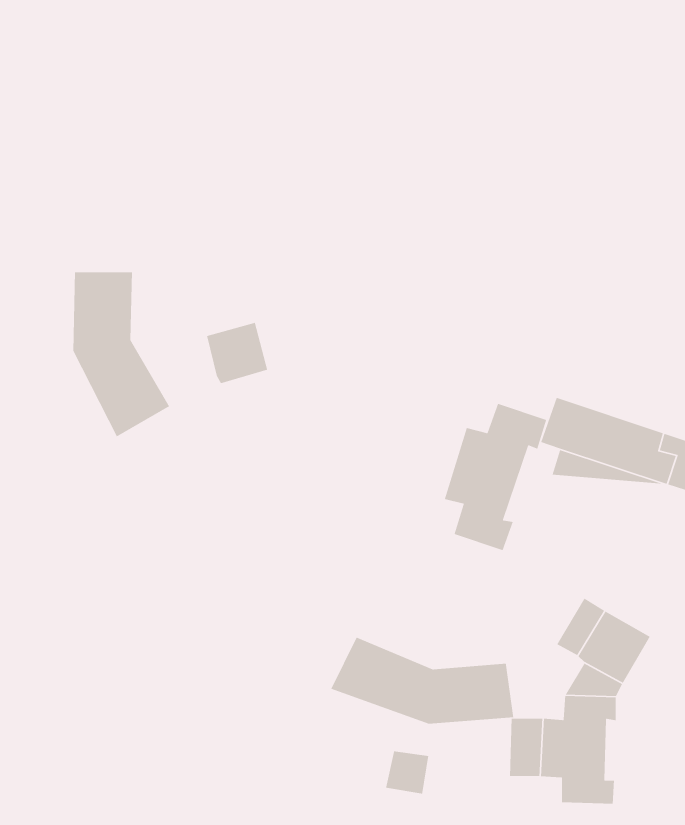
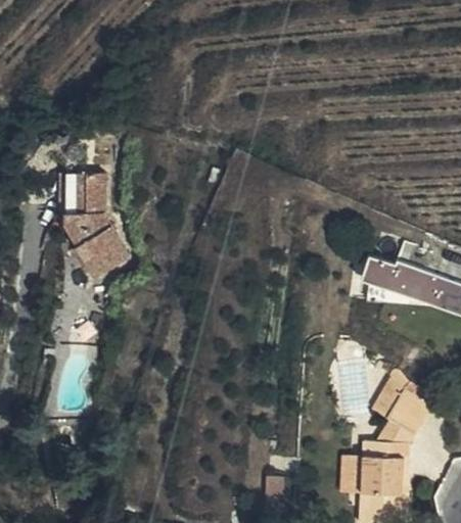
building: [206,322,268,384] -> none
building: [444,403,547,551] -> none
building: [330,637,514,725] -> none

